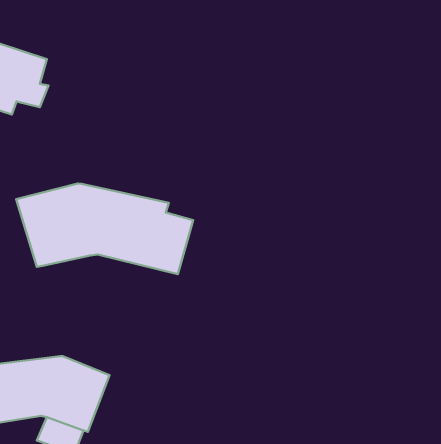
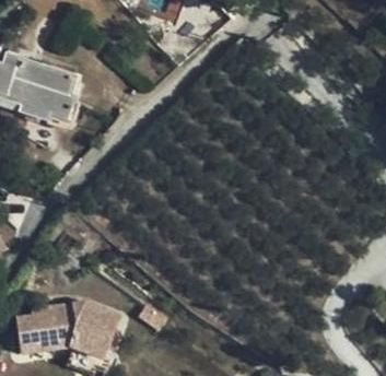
building: [16,183,193,274] -> none

